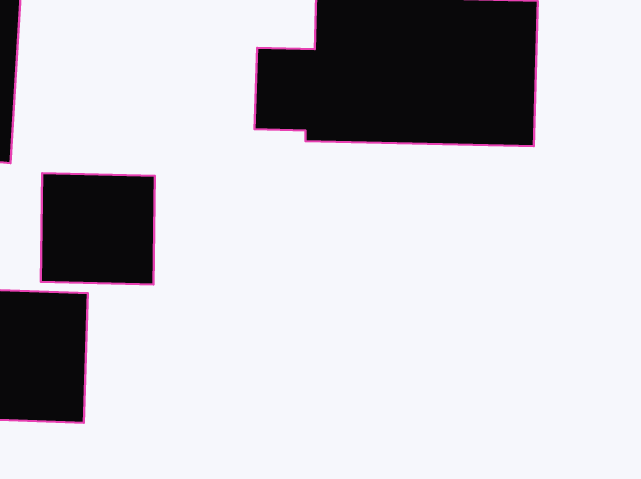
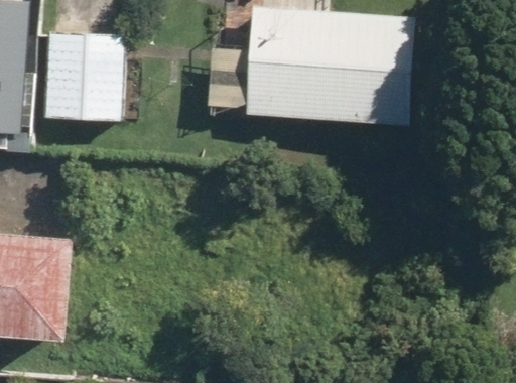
building: [41,173,155,285] -> [35,36,123,122]

